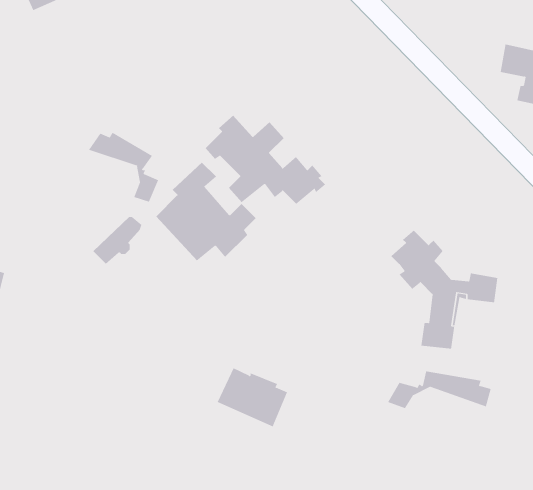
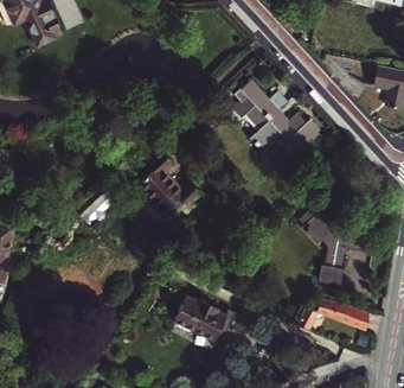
building: [205,115,326,204] -> [231,84,318,148]
building: [88,132,159,202] -> none

